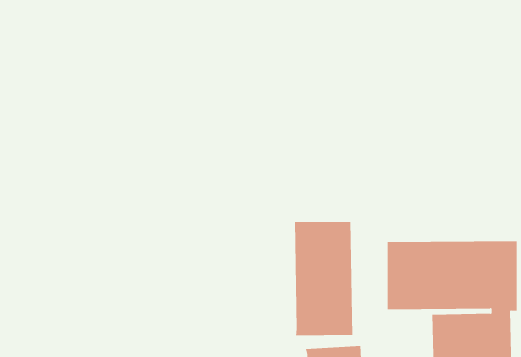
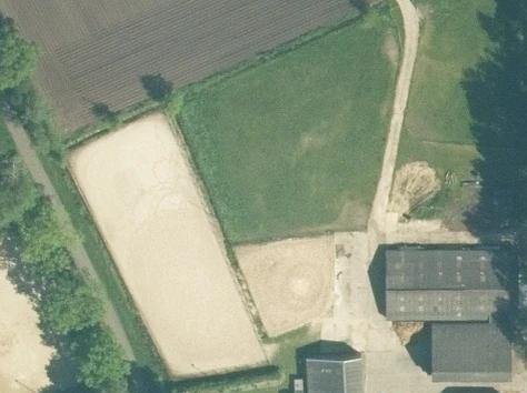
building: [295,221,353,336] -> none

